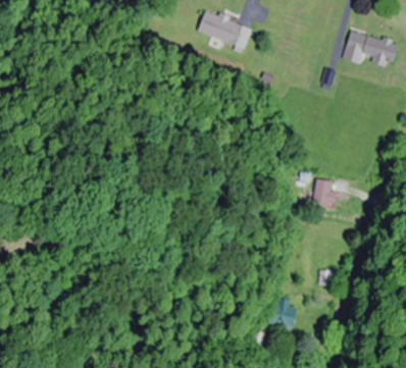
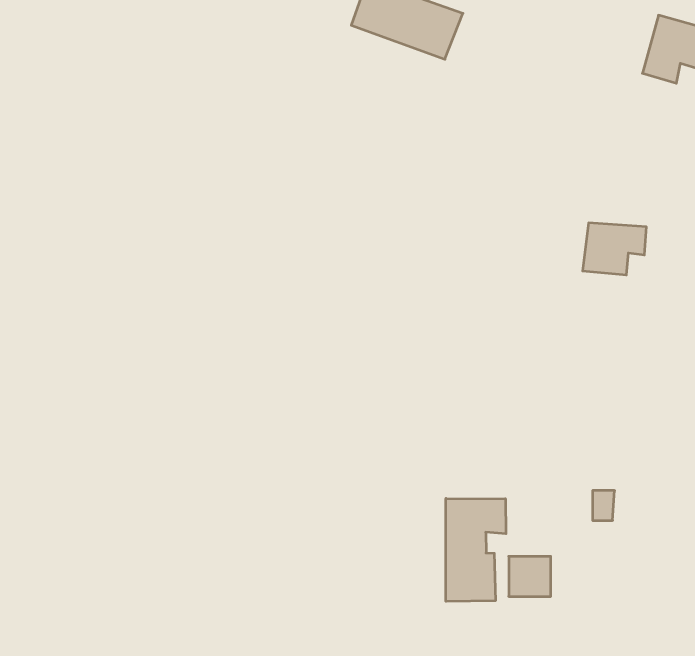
building: [314,179,347,206] -> [583,223,646,275]
building: none -> [446,498,506,601]

